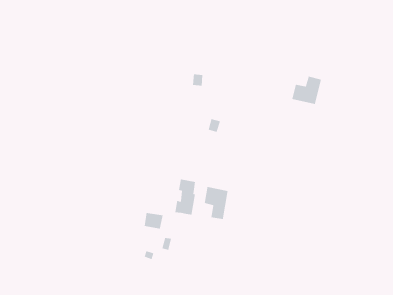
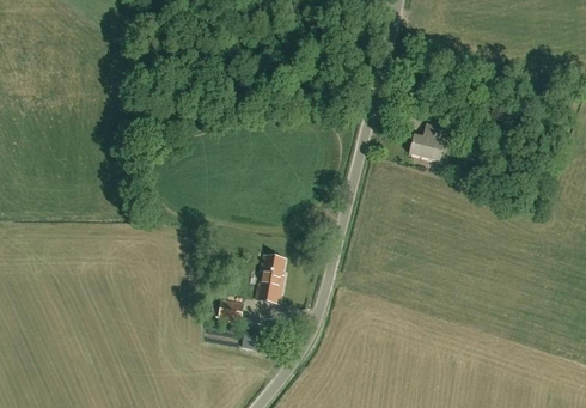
building: [204,186,228,220] -> none

